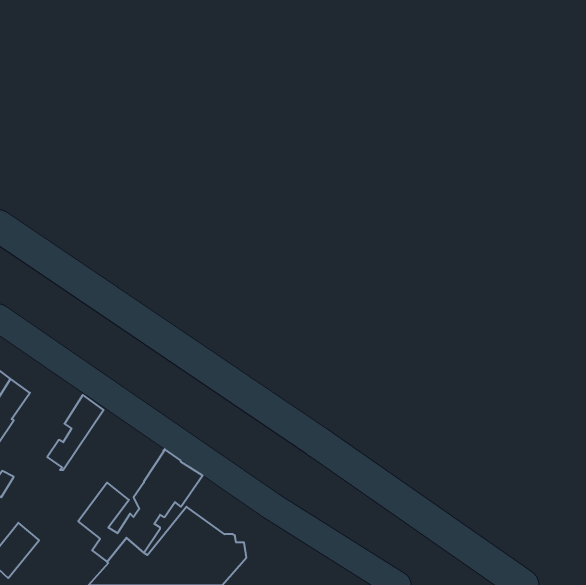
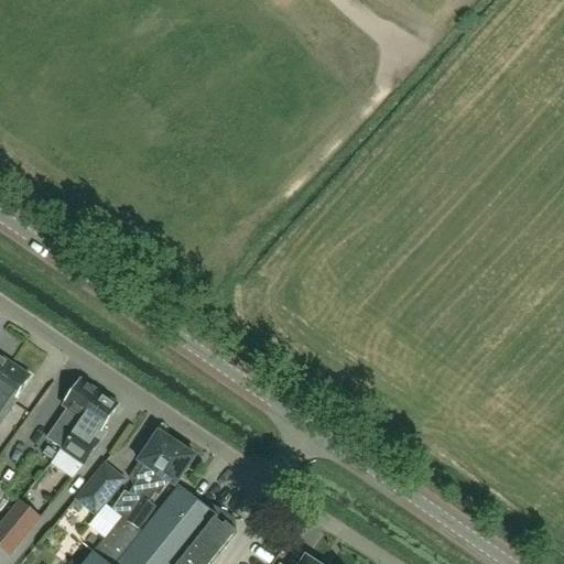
building: none -> [61,392,117,464]

